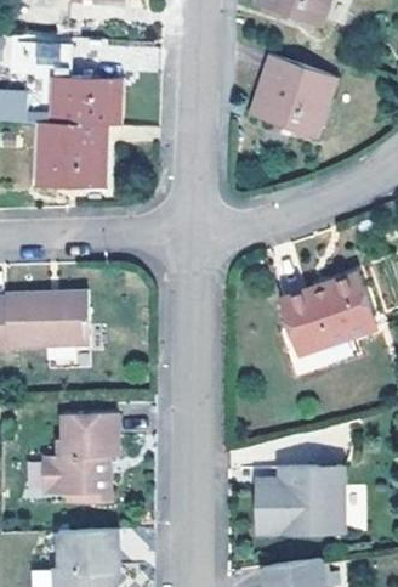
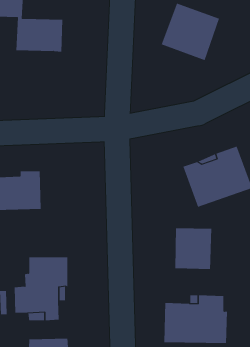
building: [36,124,102,190] -> none
building: none -> [175,228,212,270]

